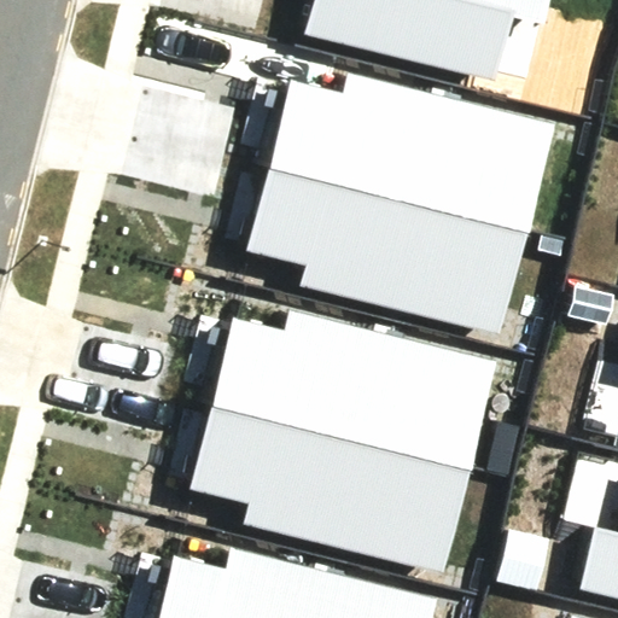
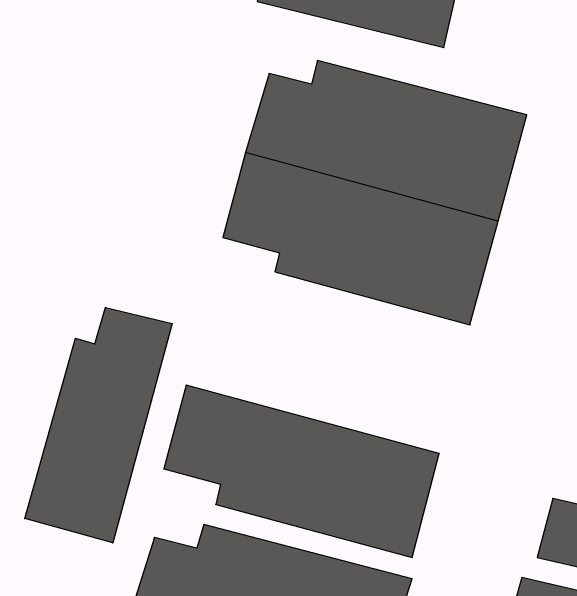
building: [210,305,497,471] -> none
building: none -> [25,307,172,543]

